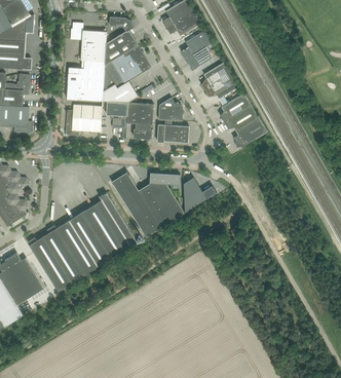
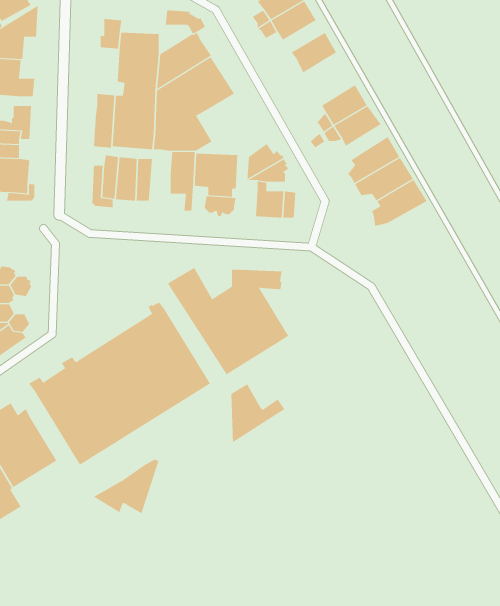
building: [180,46,213,70] -> none
building: [183,177,216,213] -> [231,384,285,443]
building: none -> [93,459,159,514]

